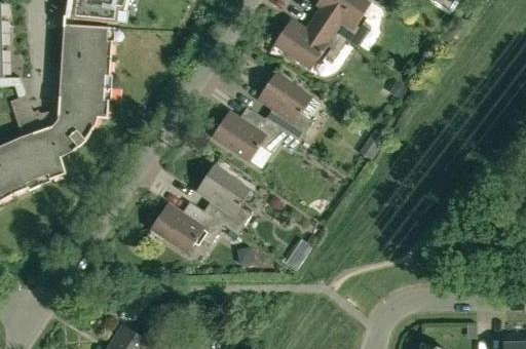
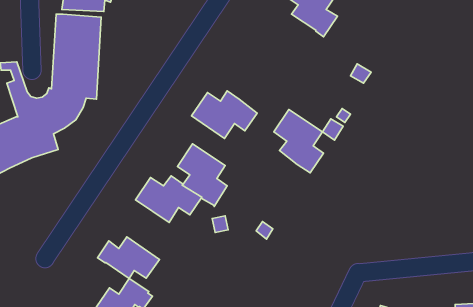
building: [272,16,348,68] -> none
building: [258,72,312,142] -> [274,109,323,173]
building: none -> [98,237,159,278]

